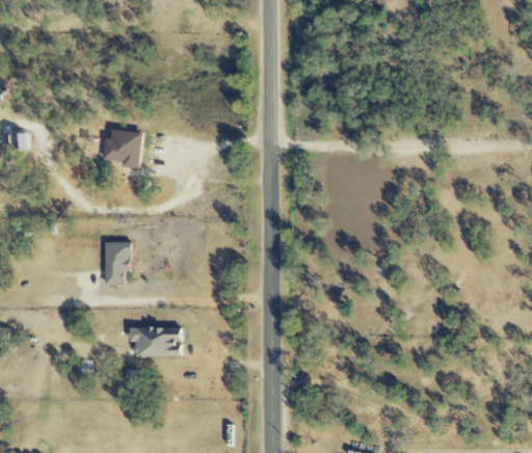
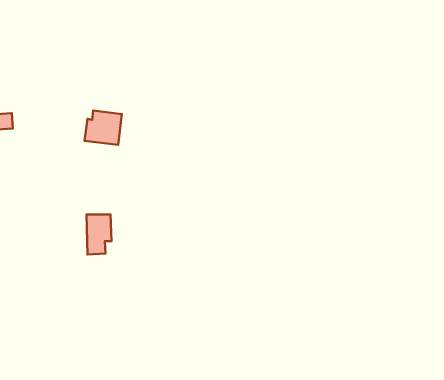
building: [129,326,183,355] -> none

